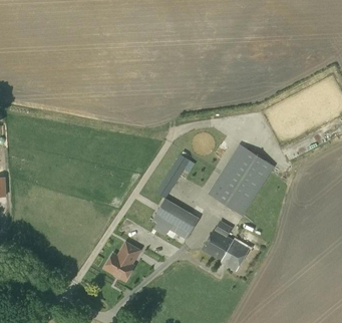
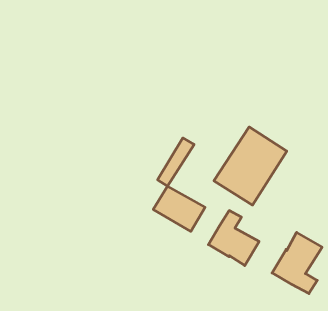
building: none -> [272,232,322,294]
building: [104,242,139,280] -> none

